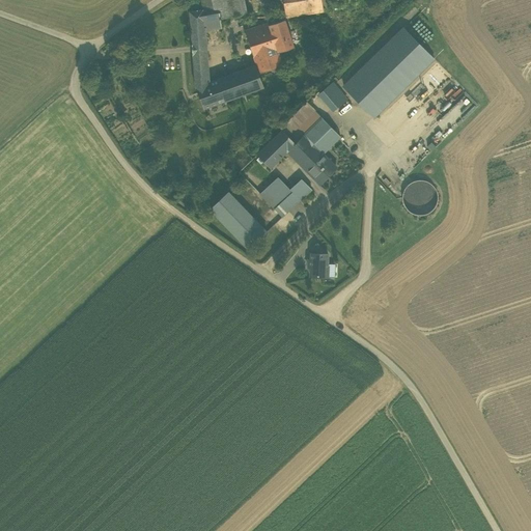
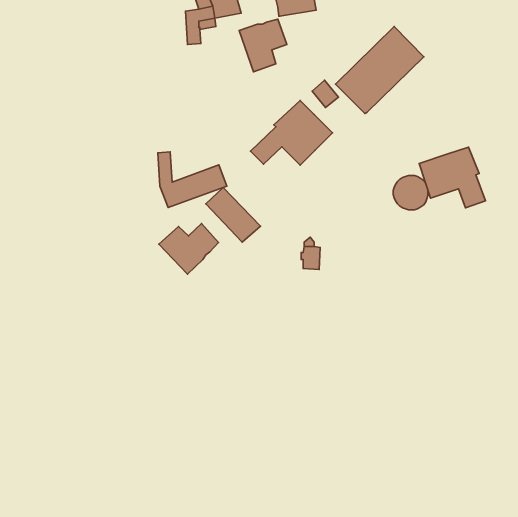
building: [193,52,263,109] -> [158,152,227,207]
building: none -> [419,147,486,208]
building: [307,153,336,183] -> none
building: [259,176,311,217] -> none
building: none -> [159,224,219,274]

